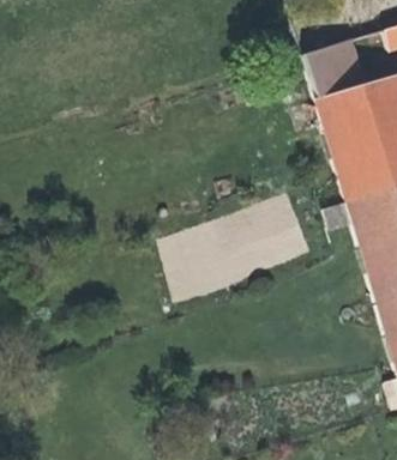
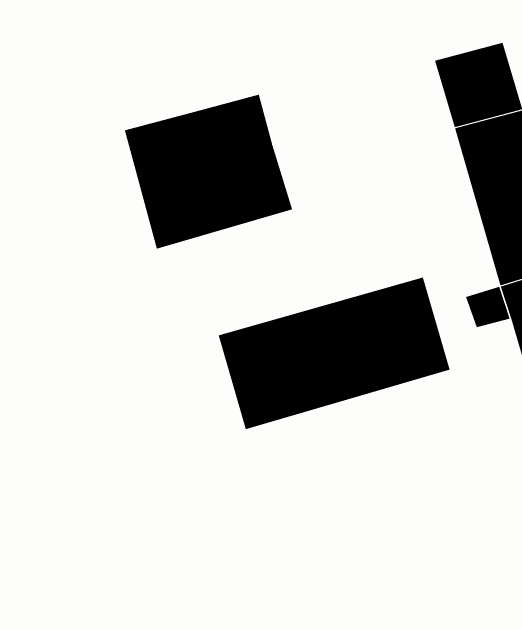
building: none -> [124,94,293,249]

